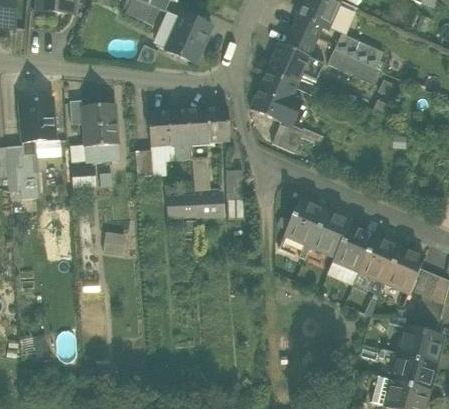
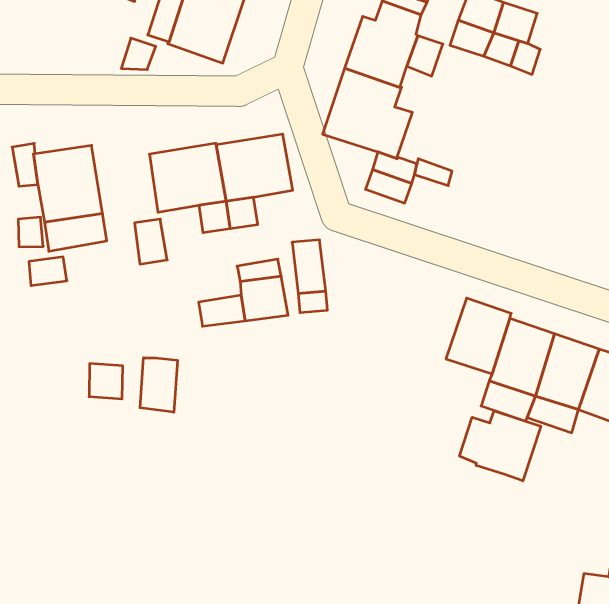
building: [285,199,325,245] -> none
building: none -> [140,358,177,412]
building: none -> [460,411,541,481]

